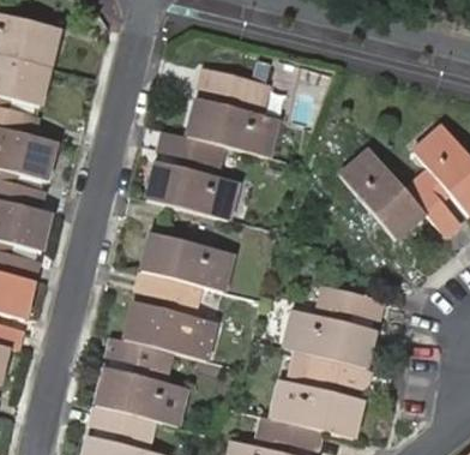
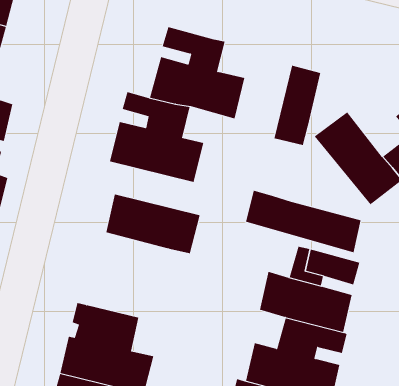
building: none -> [274,65,321,146]
building: none -> [246,190,361,253]
building: [123,268,216,358] -> none

